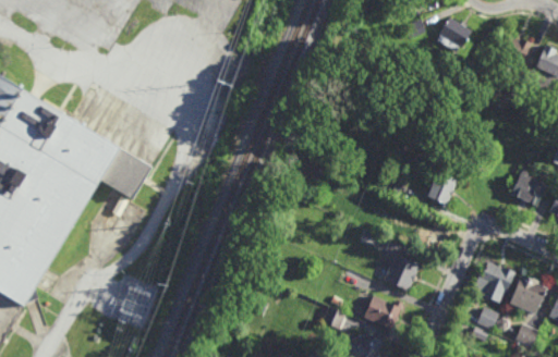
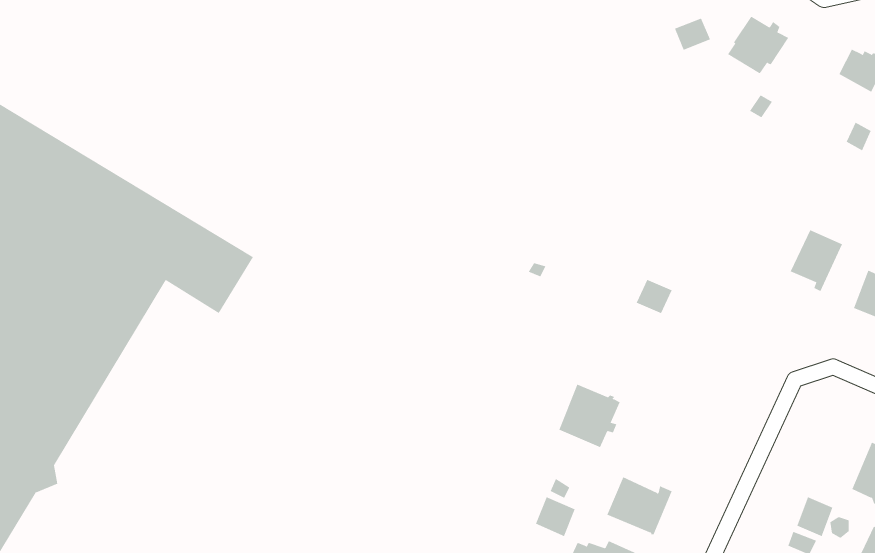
building: [426,171,458,208] -> [790,230,843,292]
building: [384,254,421,292] -> [559,384,621,448]
building: [472,262,517,301] -> none

